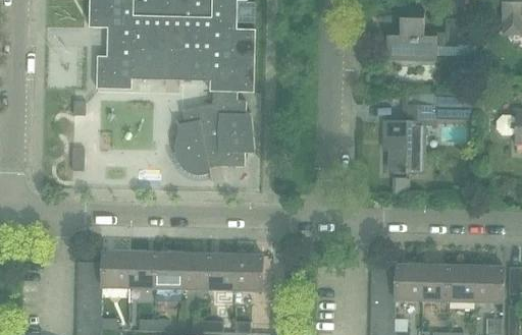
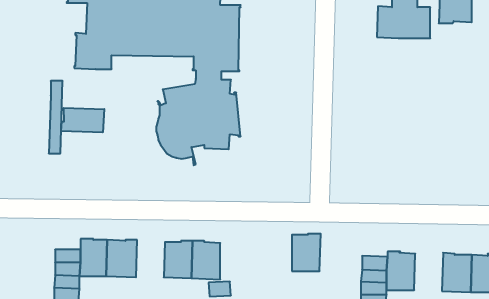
building: [384,93,471,173] -> none
building: none -> [61,108,104,132]
building: [155,253,182,288] -> none
building: [236,255,263,290] -> [292,234,321,271]
building: [421,265,449,301] -> none

